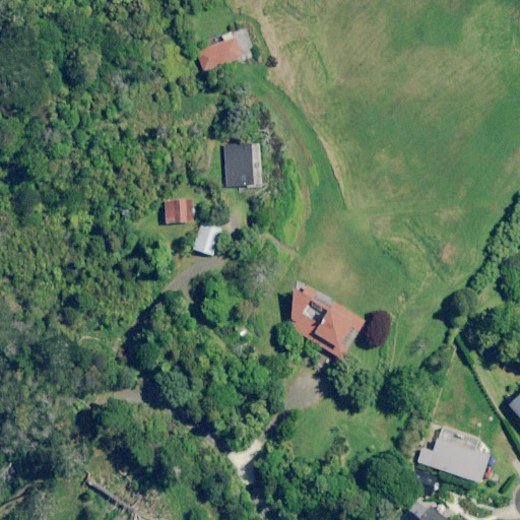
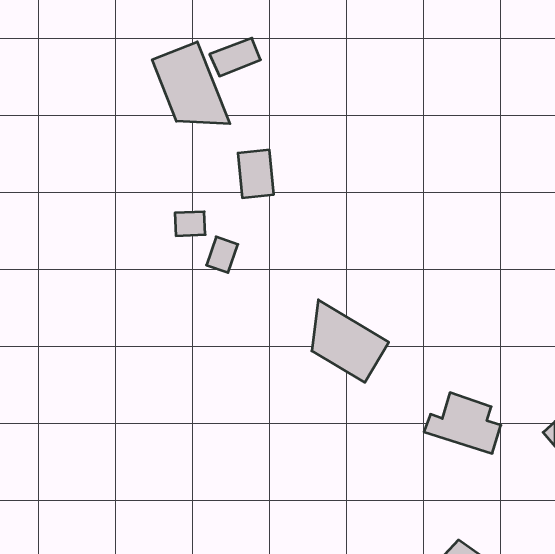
building: none -> [152,42,230,124]
building: [415,427,488,483] -> [424,393,501,453]

